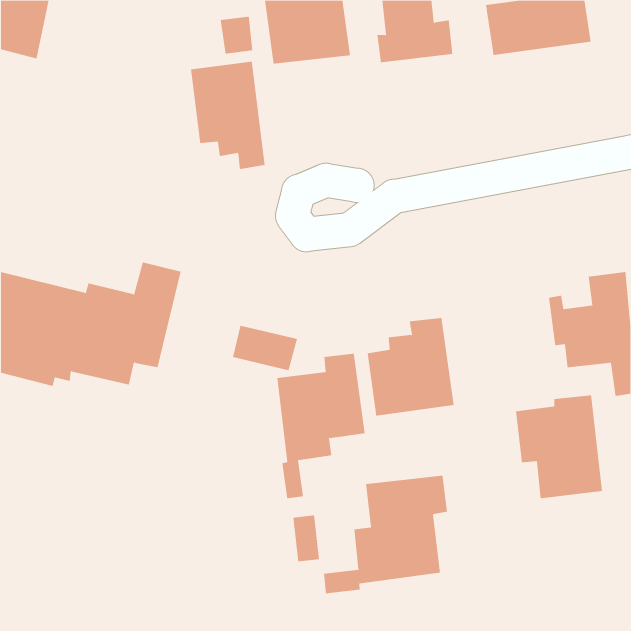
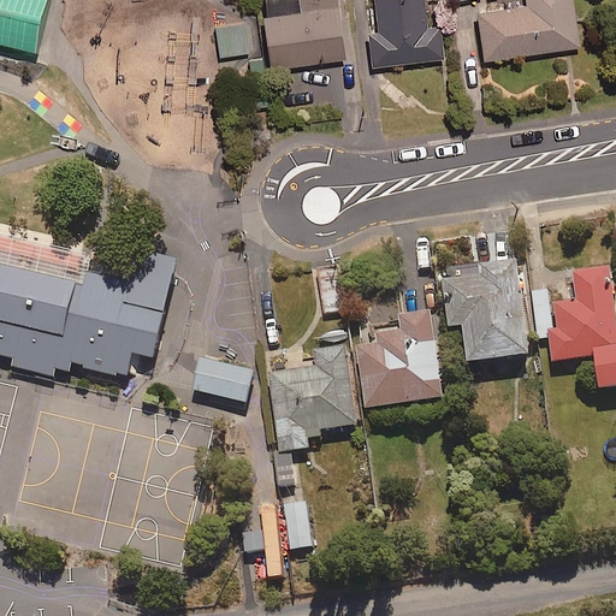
building: [190,61,265,170] -> none
building: [232,325,298,371] -> [192,361,256,405]
building: [515,395,603,499] -> [443,257,528,359]
building: [323,475,448,594] -> none

